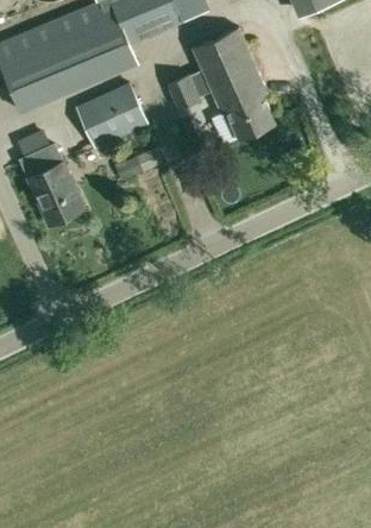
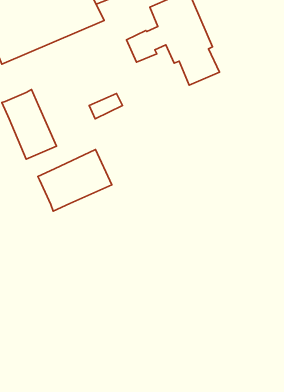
building: [75,81,147,149] -> none
building: none -> [38,150,112,211]

